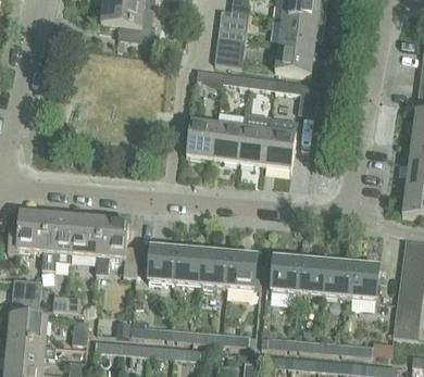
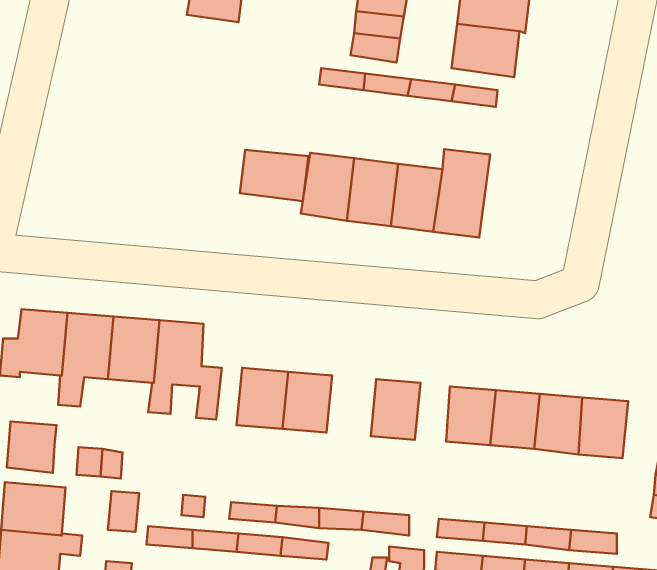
building: none -> [240,150,308,201]
building: [201,250,230,286] -> none

